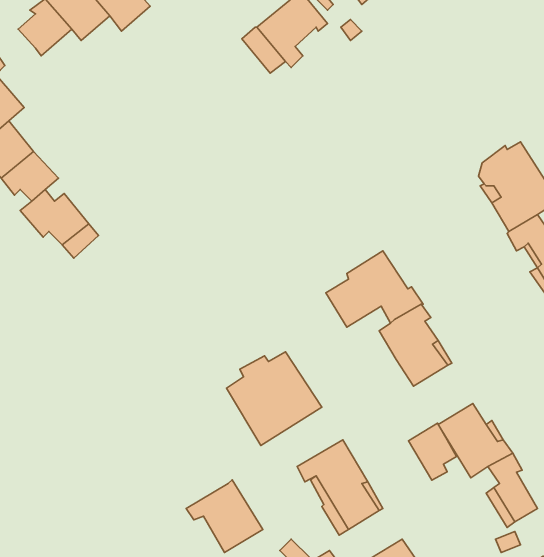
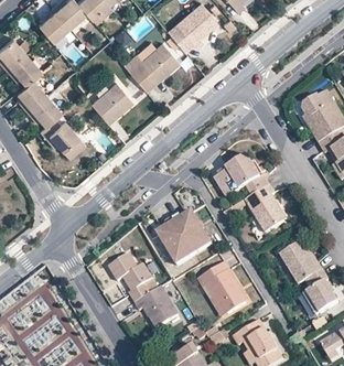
building: none -> [123,43,179,91]
building: none -> [90,84,131,125]
building: [408,423,457,480] -> none
building: none -> [109,255,159,303]

